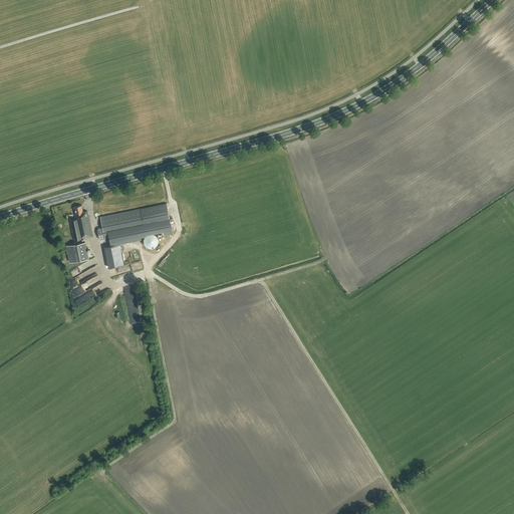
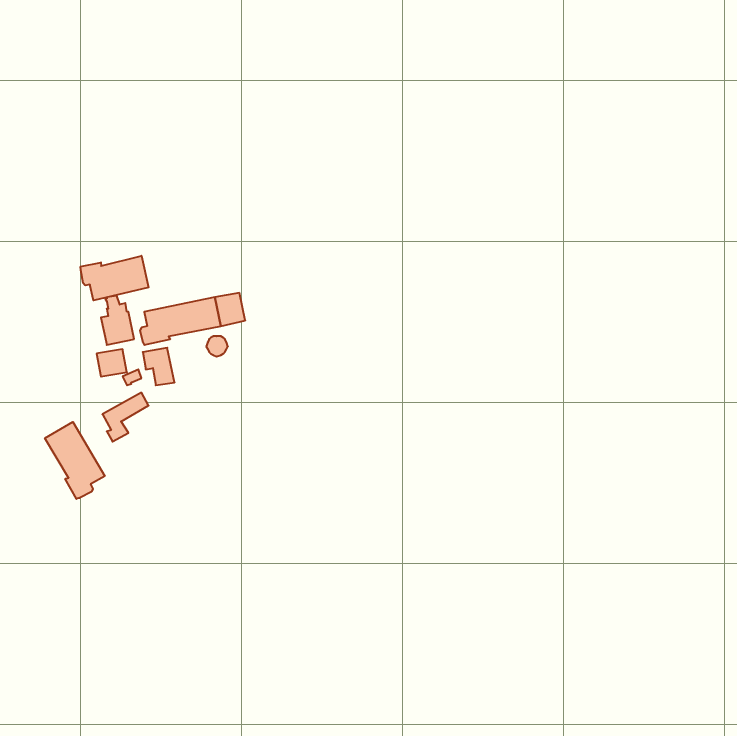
building: none -> [81,256,149,300]
building: none -> [45,422,105,499]

